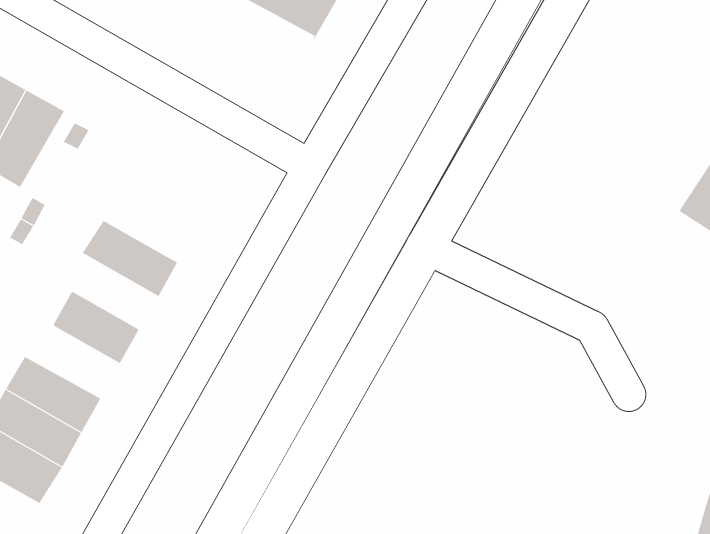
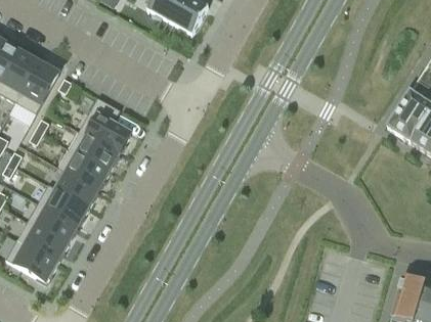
building: none -> [80,96,131,152]
building: none -> [58,147,110,188]
building: none -> [38,183,89,225]

